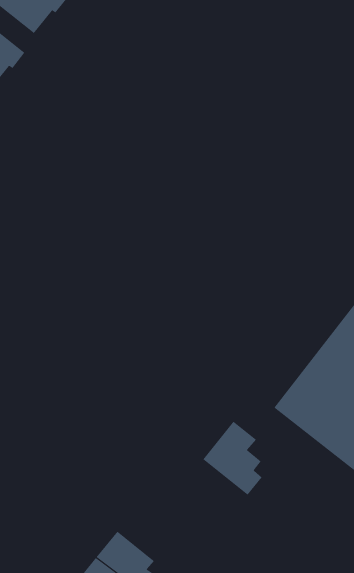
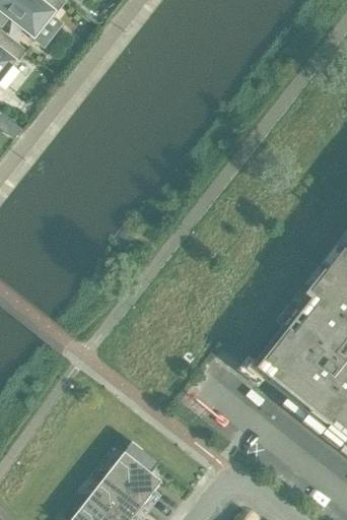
building: [202,421,263,495] -> [111,442,164,509]

